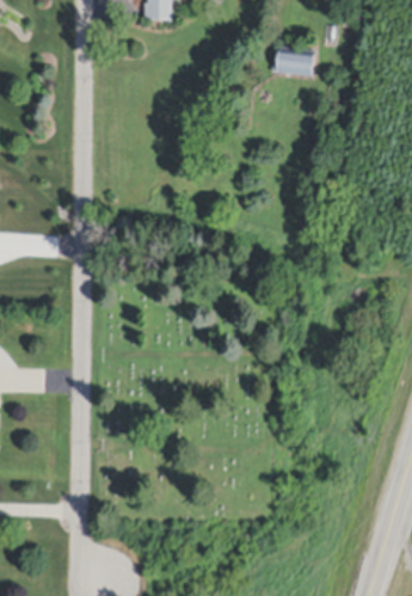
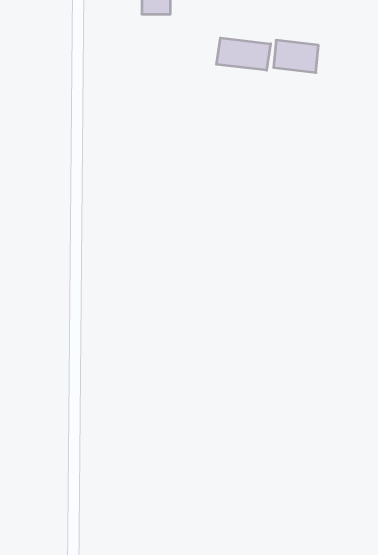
building: none -> [216,38,271,70]

